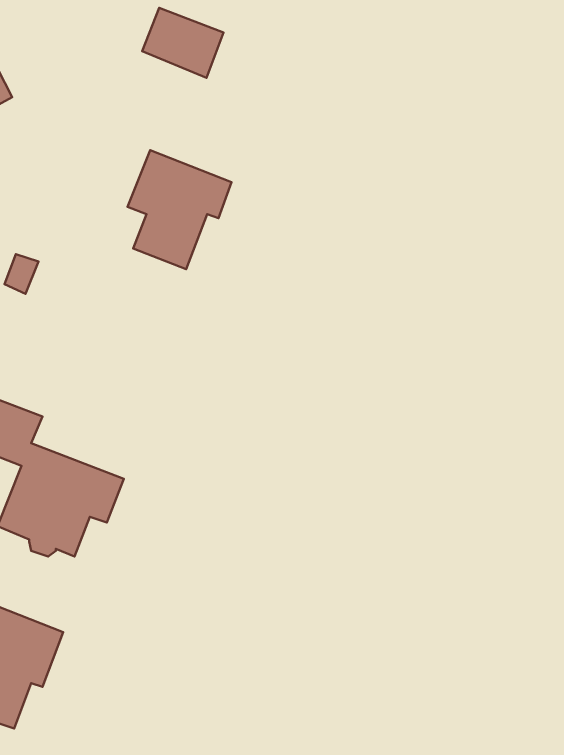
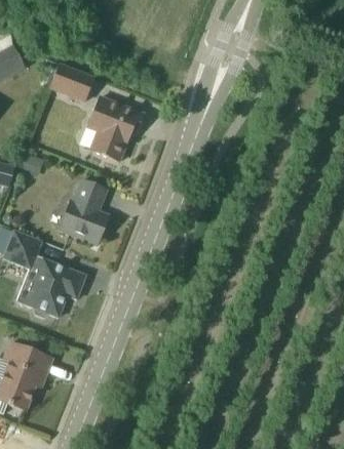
building: [142,8,224,78] -> [49,63,93,100]
building: none -> [59,178,109,244]

